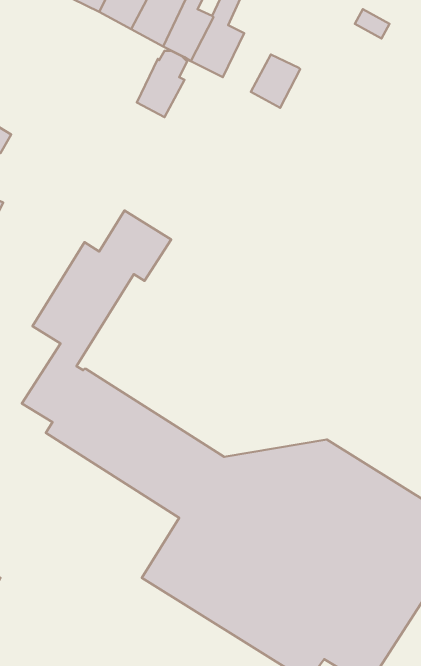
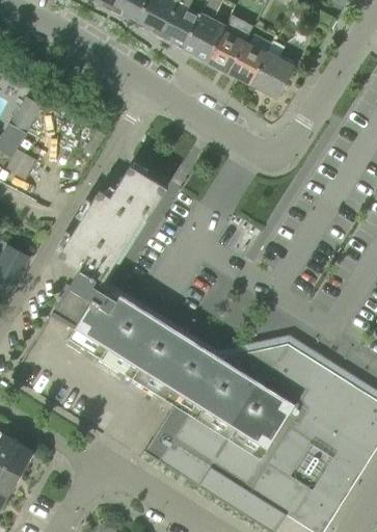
building: none -> [252,39,296,98]
building: [137,51,187,117] -> [208,20,247,72]

